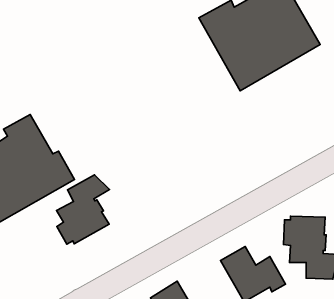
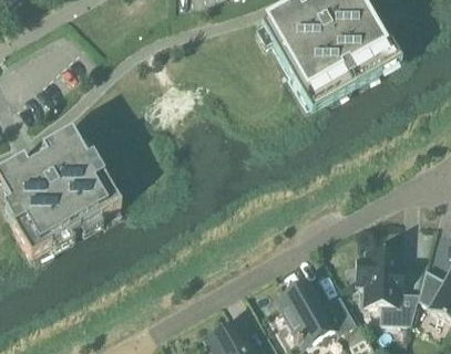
building: [56,175,109,244] -> none

